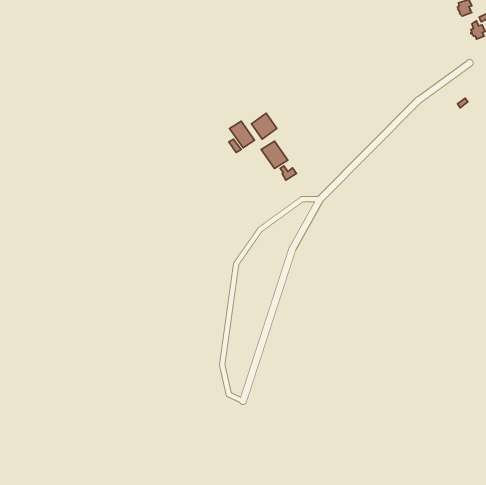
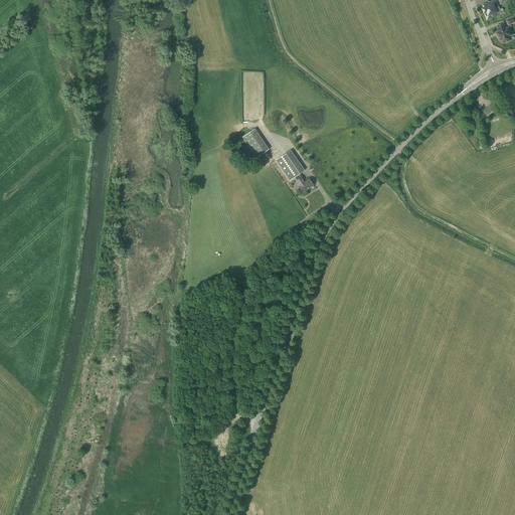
building: [251,113,277,139] -> none

